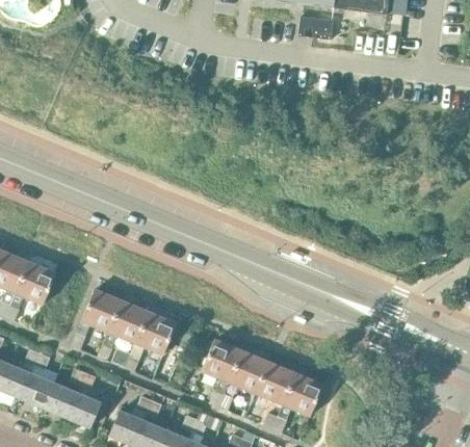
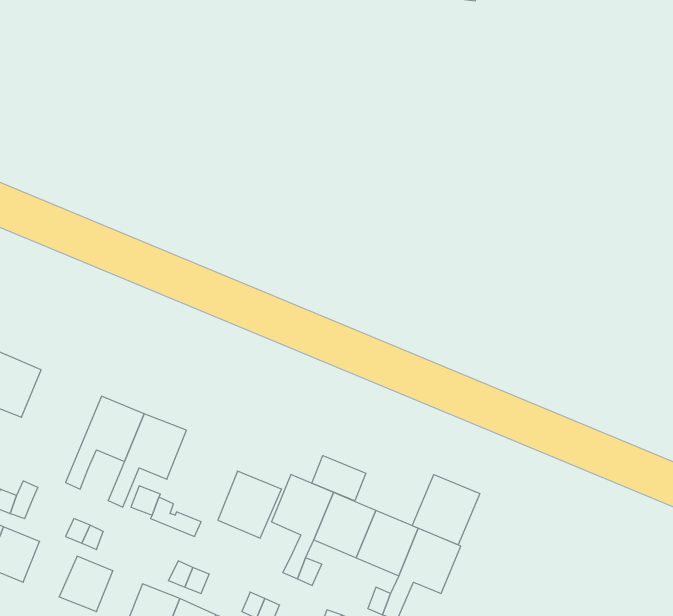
building: [136,312,177,354] -> [218,471,282,538]
building: none -> [312,456,366,501]
building: none -> [412,475,480,545]
building: [45,383,79,418] -> none

